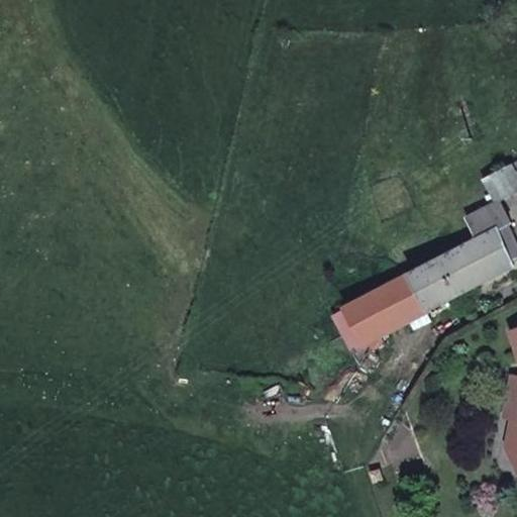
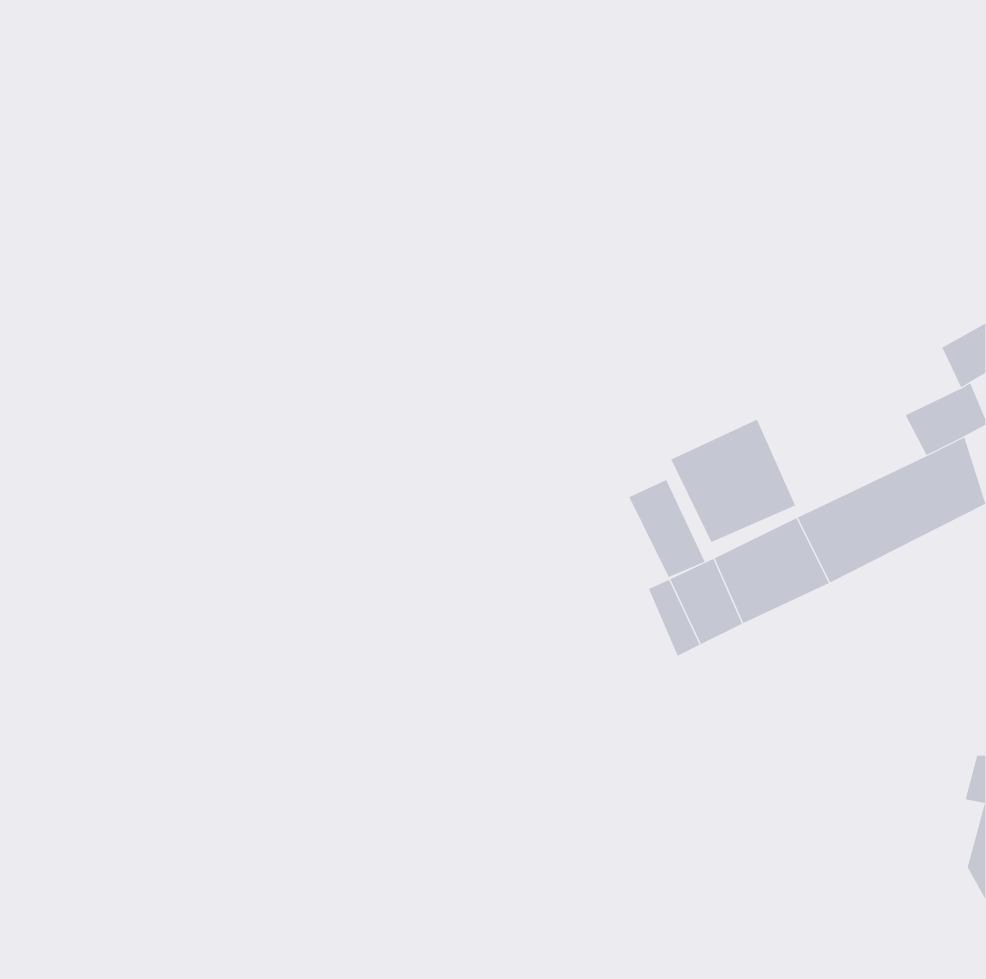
building: none -> [671,419,796,543]
building: none -> [629,479,705,578]

